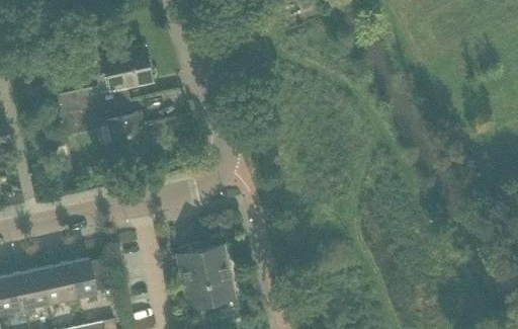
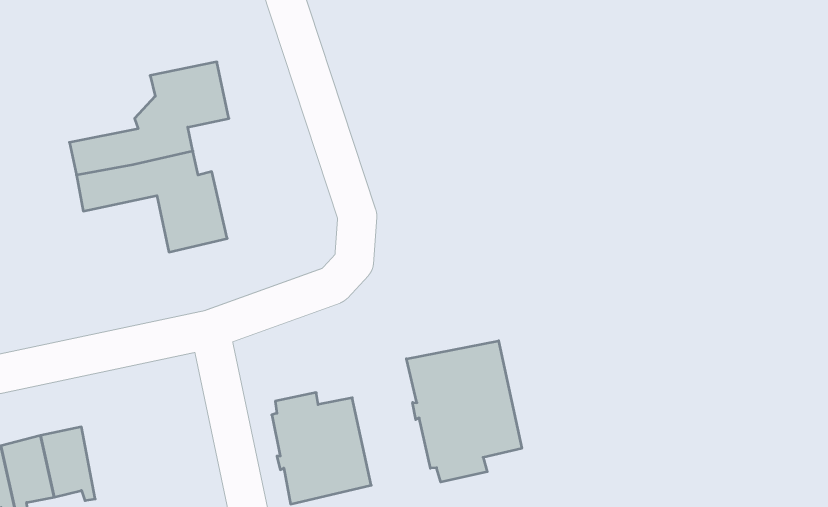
building: none -> [406,341,522,482]
building: [63,258,110,306] -> none

